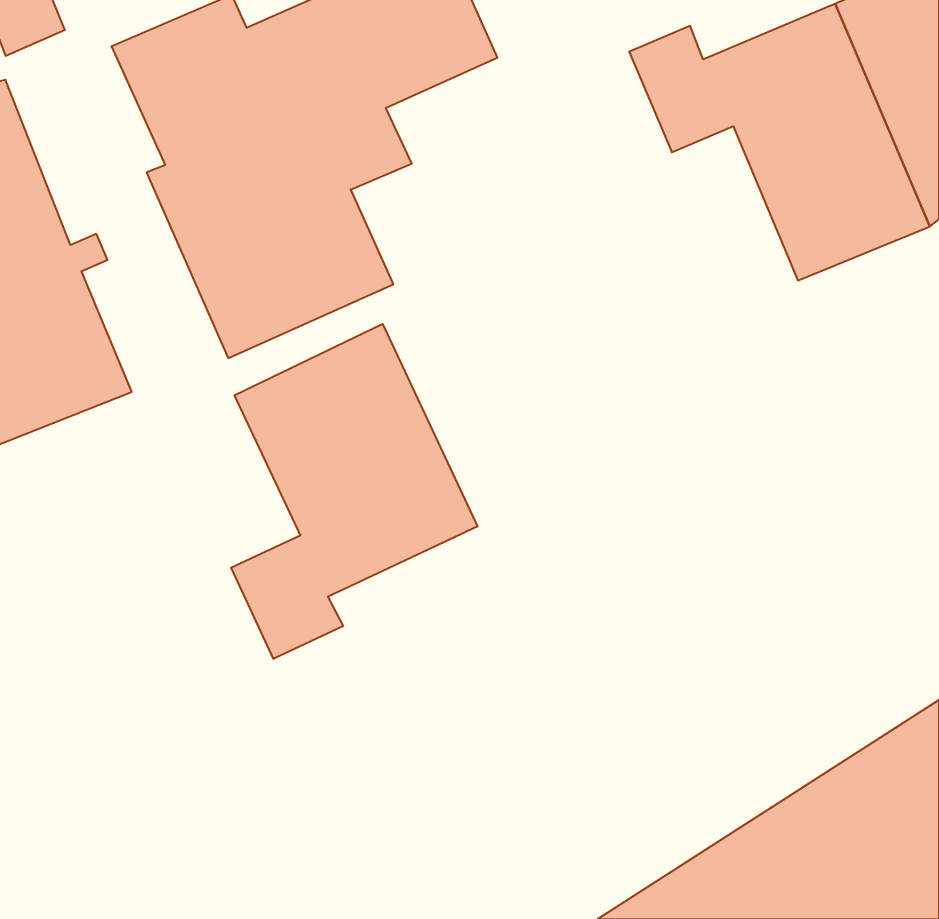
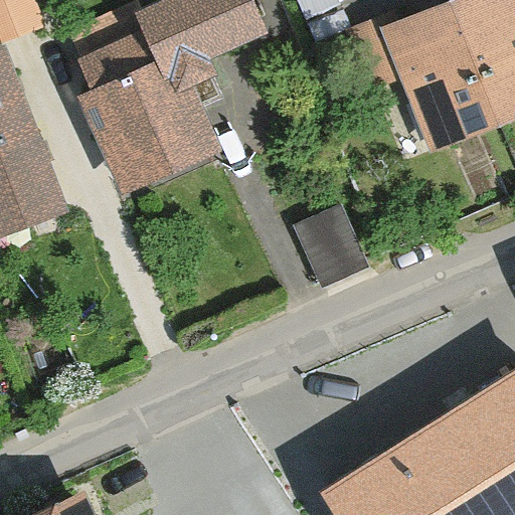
building: [231,324,477,659] -> none
building: none -> [294,198,369,282]

